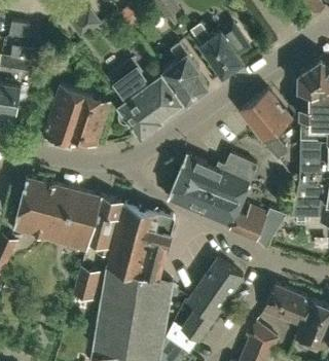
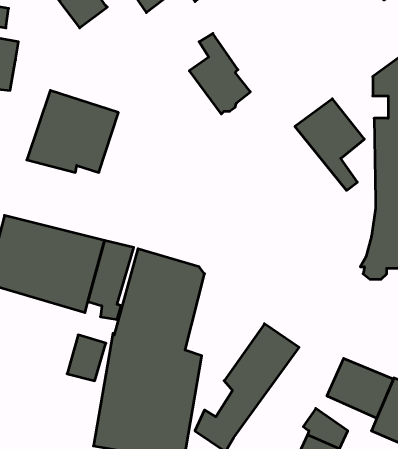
building: [191,26,249,78] -> none
building: [111,62,182,137] -> none
building: [167,154,286,250] -> none

